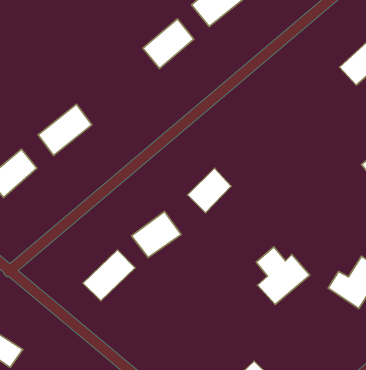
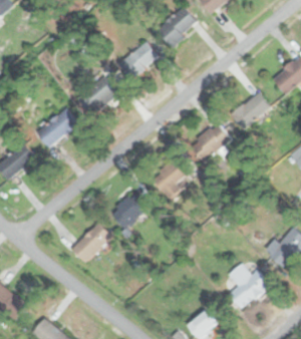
building: none -> [77,76,117,113]
building: none -> [230,92,270,129]
building: none -> [193,123,231,158]
building: [256,247,310,304] -> [228,263,270,308]

